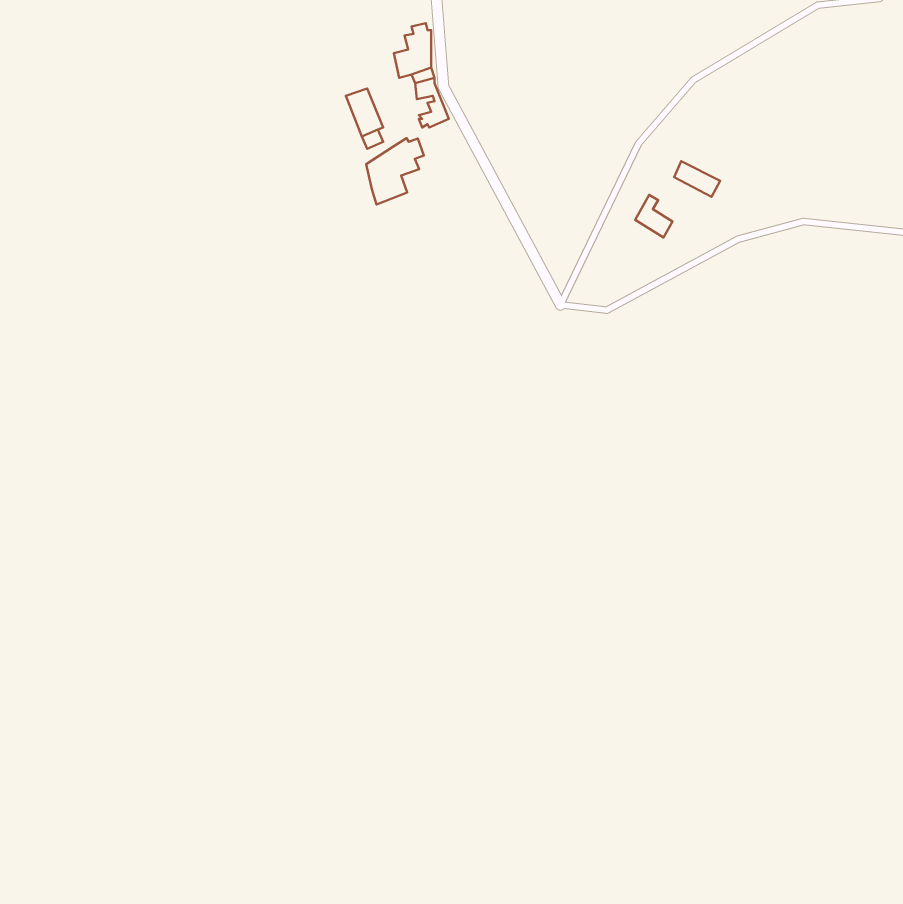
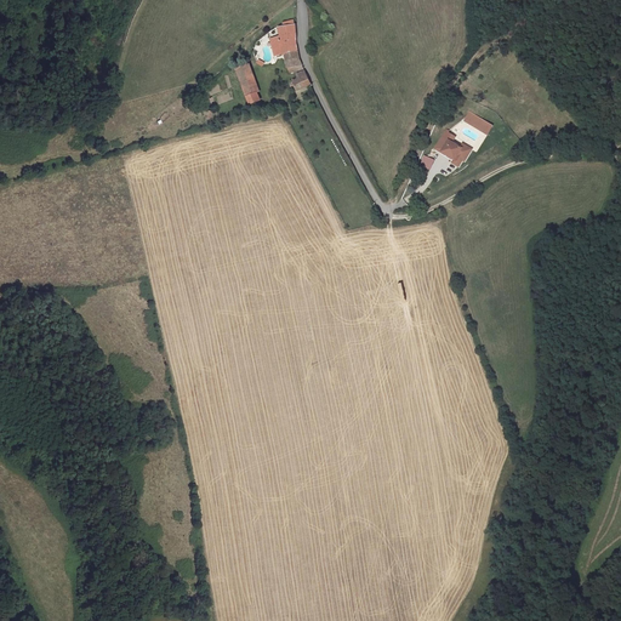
building: [366,138,424,205] -> none

